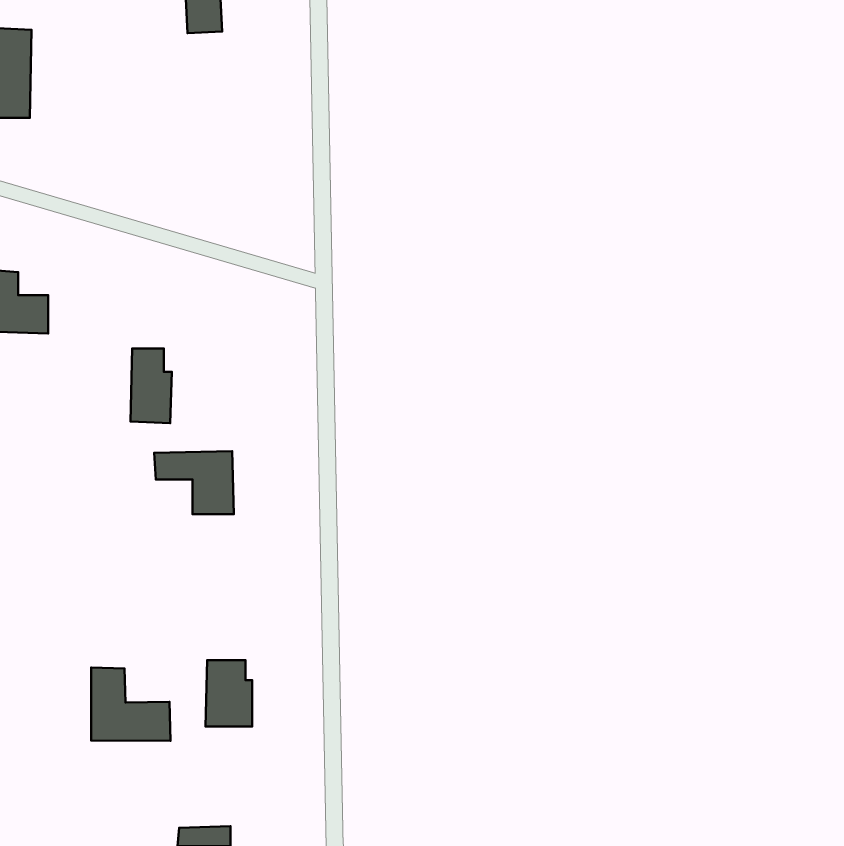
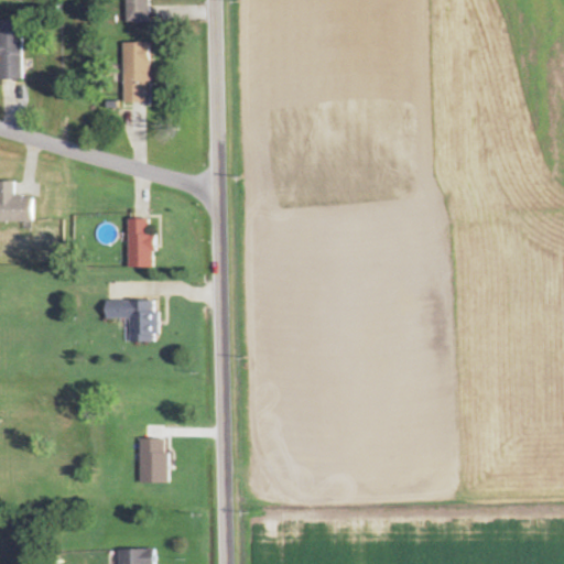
building: none -> [121,42,149,101]
building: [131,349,172,423] -> [126,218,153,268]
building: [91,667,170,741] -> none

